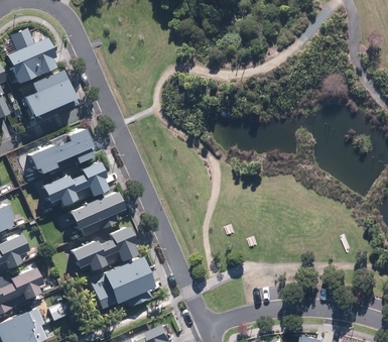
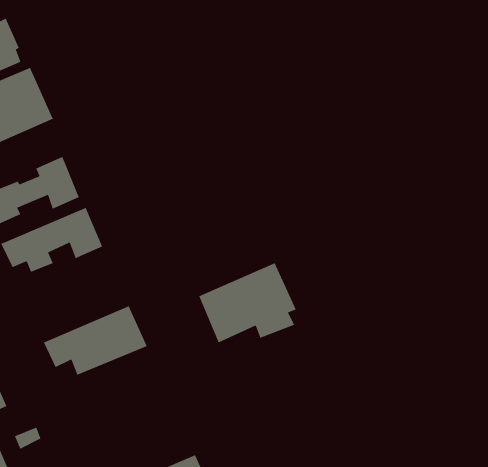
building: [66,192,121,236] -> none
building: [87,256,151,310] -> [198,262,297,344]

